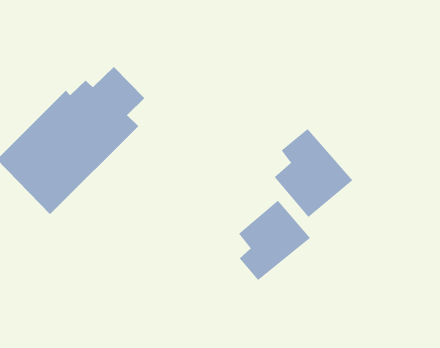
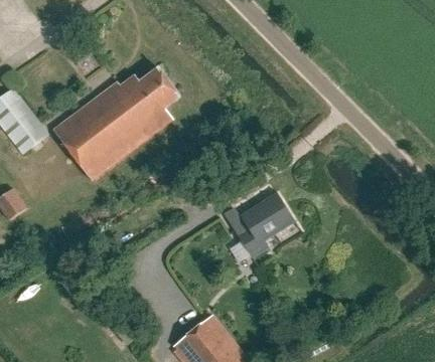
building: [274,128,353,218] -> none

